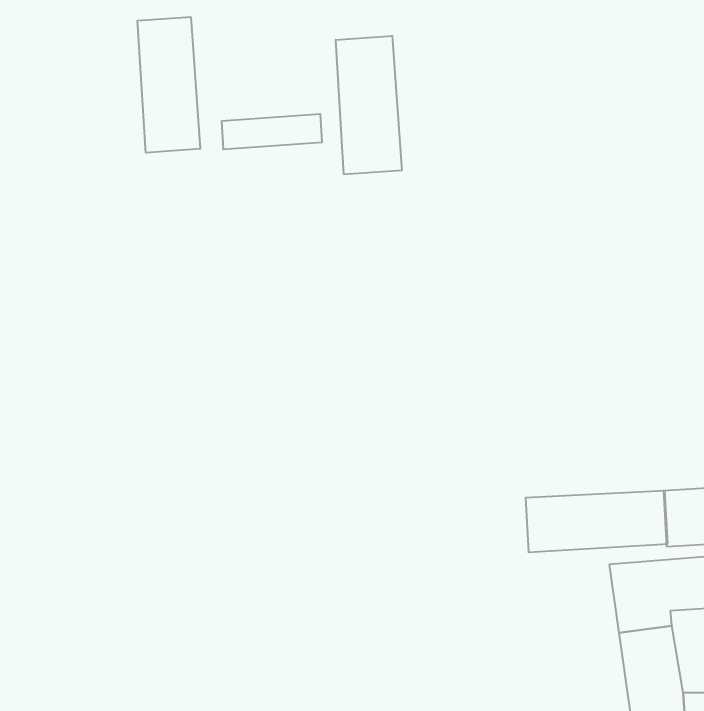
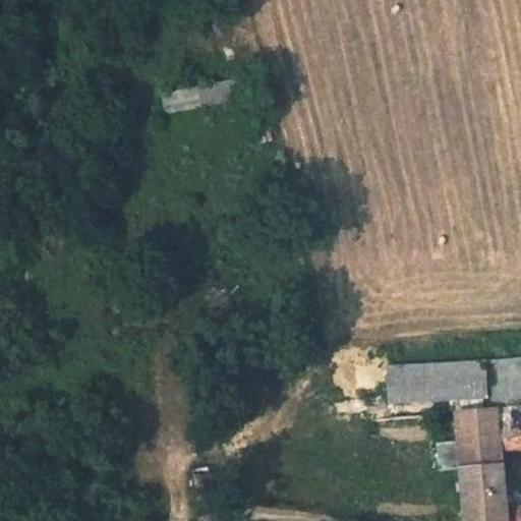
building: [138,17,200,153] -> none
building: [336,36,402,174] -> none

